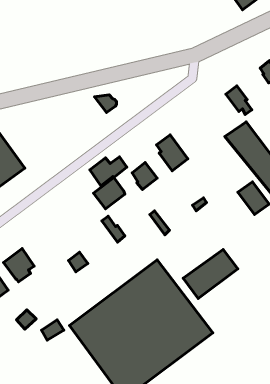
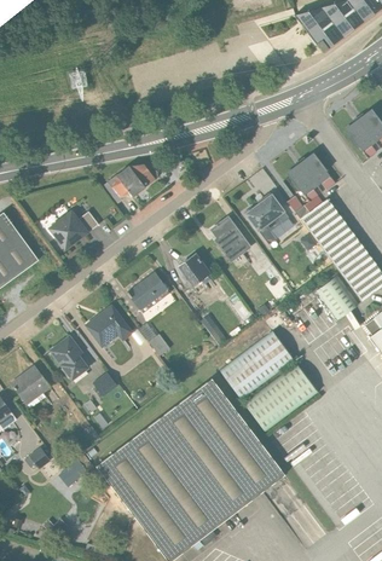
building: none -> [285,162,322,218]
building: none -> [102,166,144,203]
building: none -> [243,192,288,244]
building: [90,157,127,186] -> [50,210,98,248]
building: none -> [83,303,133,347]
building: none -> [221,332,291,397]
building: none -> [47,334,88,382]

